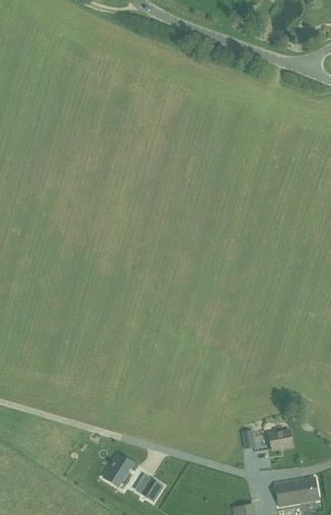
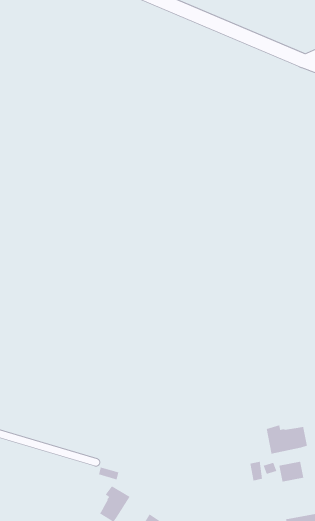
building: none -> [266,424,308,455]

